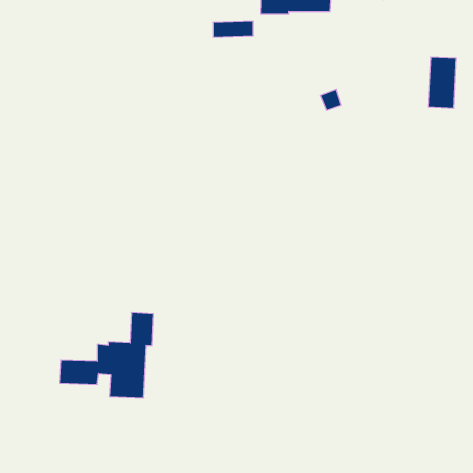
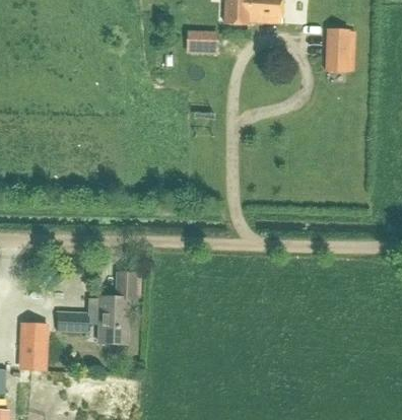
building: [428,57,456,108] -> [326,28,349,71]
building: none -> [22,333,45,369]

